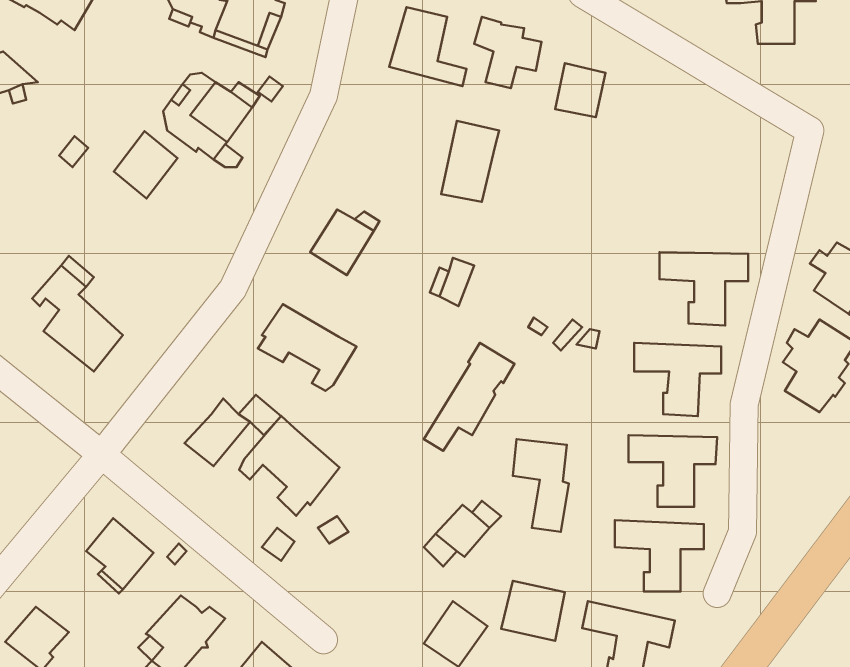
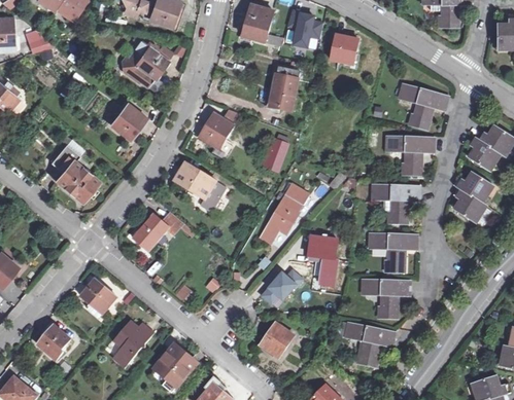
building: [114,131,177,199] -> [112,102,146,138]
building: none -> [399,84,448,130]
building: [239,416,339,516] -> none
building: [501,581,565,641] -> none

